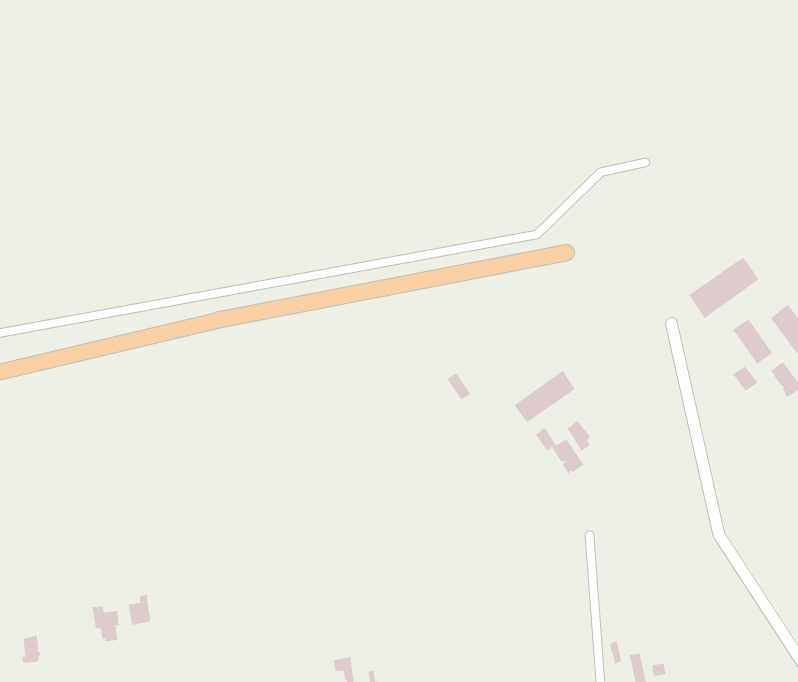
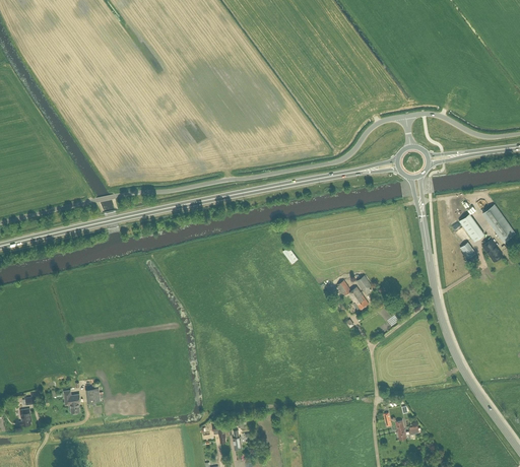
building: [688,257,760,319] -> none
building: [514,370,575,423] -> none

